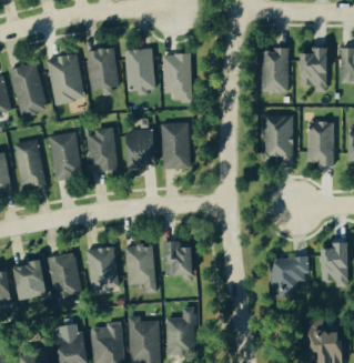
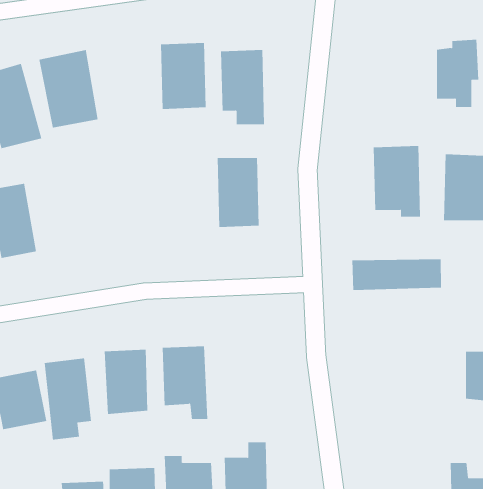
building: [85,47,119,90] -> none
building: [262,48,289,92] -> none
building: [87,128,115,171] -> none
building: [129,130,159,171] -> none
building: [48,132,81,180] -> none
building: none -> [352,259,441,291]
building: [163,241,195,275] -> none
building: [270,258,307,292] -> none

